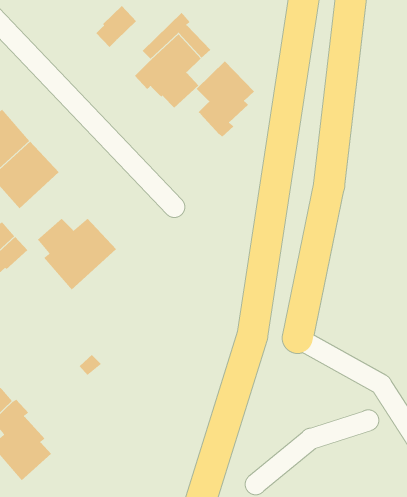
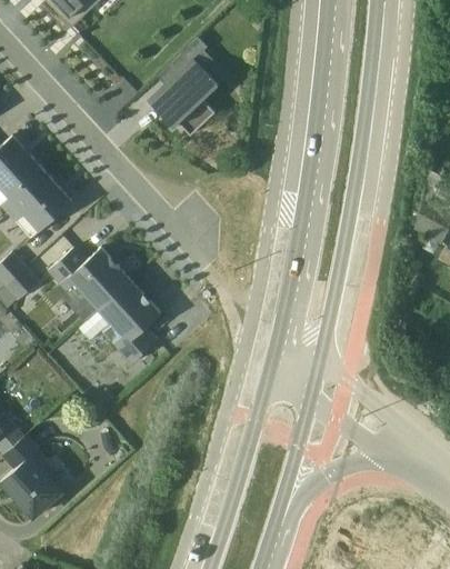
building: [96,5,137,48] -> none
building: [196,61,255,137] -> none
building: none -> [78,280,160,363]

